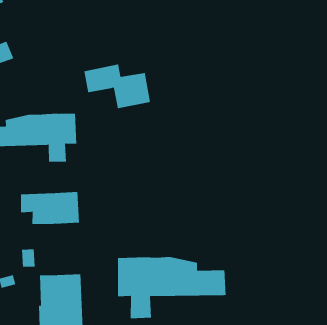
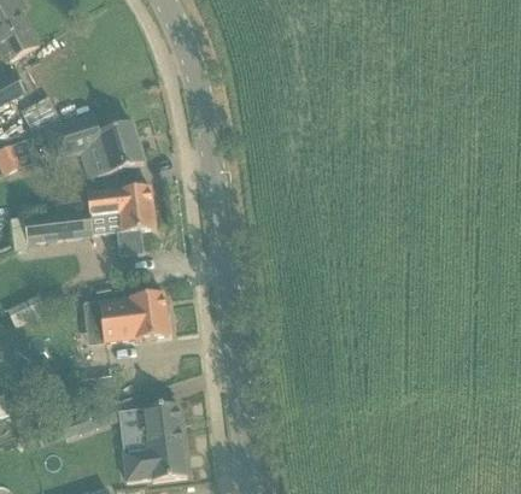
building: [83,64,151,109] -> [47,113,142,175]
building: [117,256,226,319] -> none

